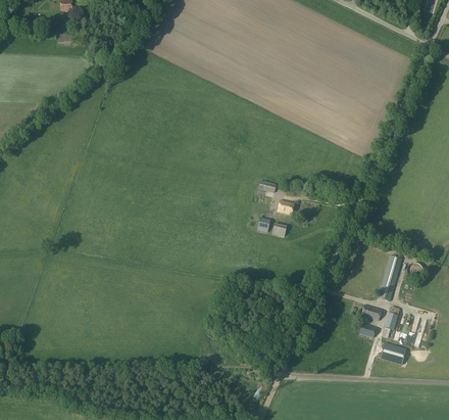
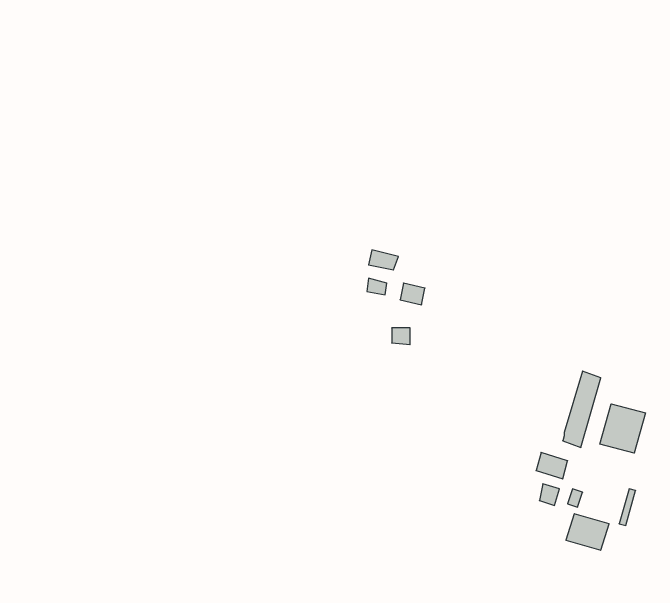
building: none -> [600,404,646,453]

